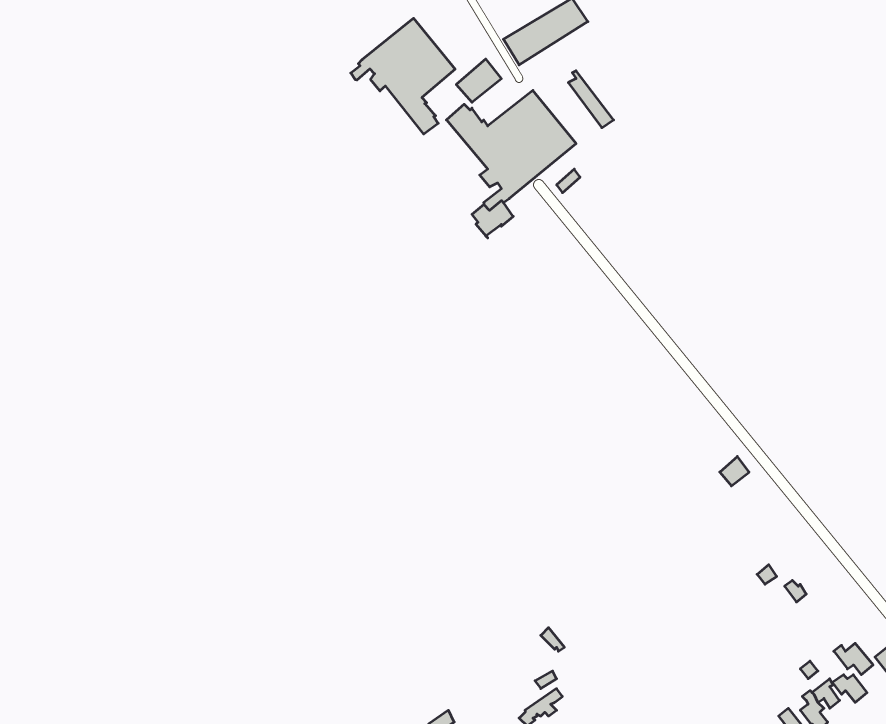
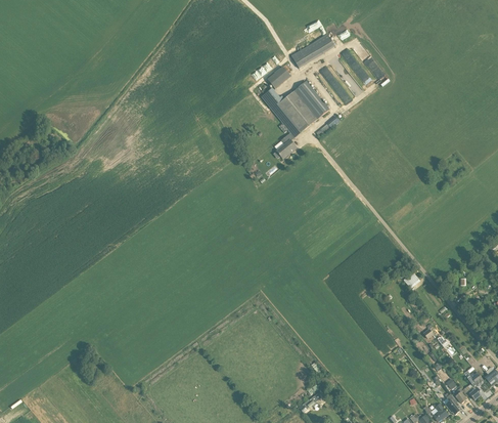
building: [351,18,455,134] -> none

